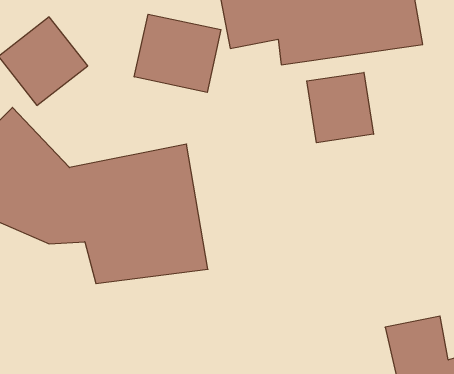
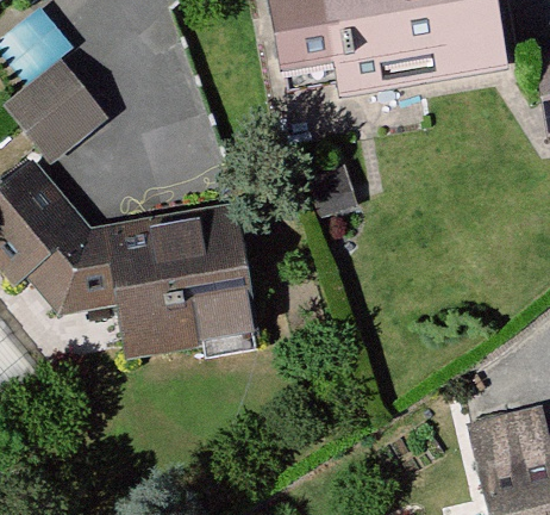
building: [134,14,221,92] -> none
building: [307,72,374,143] -> none

